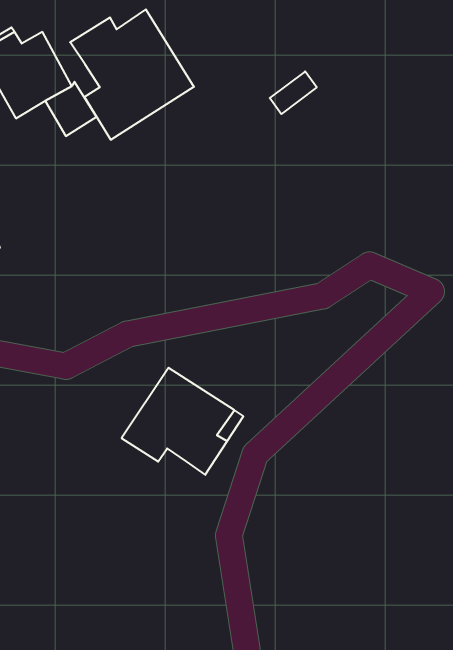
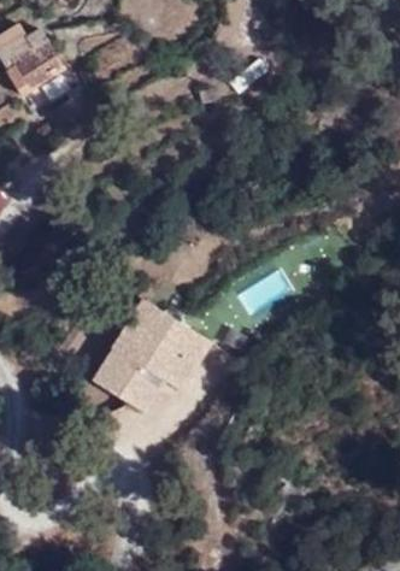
building: [70,9,194,140] -> none
building: none -> [93,360,159,411]

